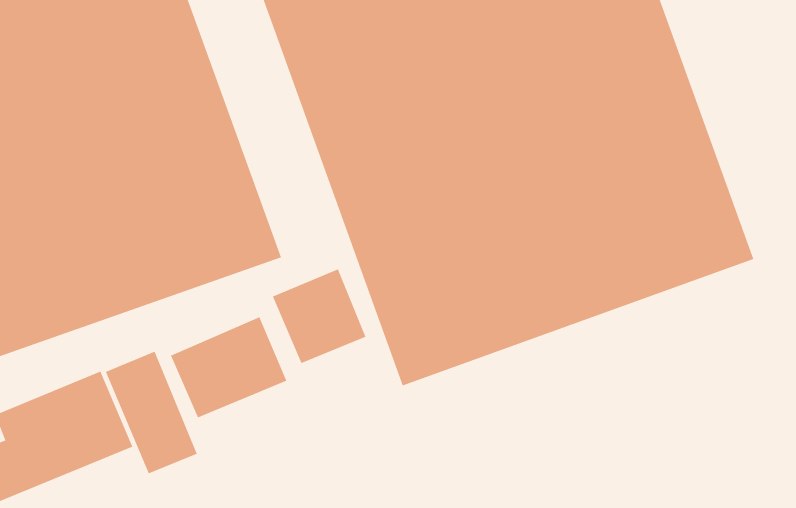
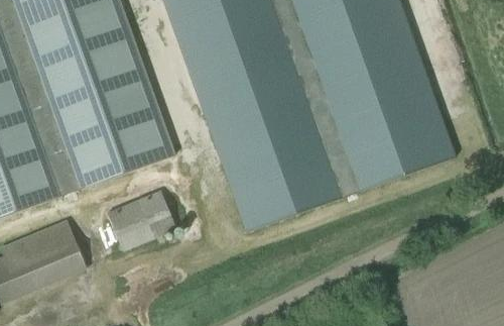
building: [272,268,366,364] -> none
building: [105,351,198,474] -> none

